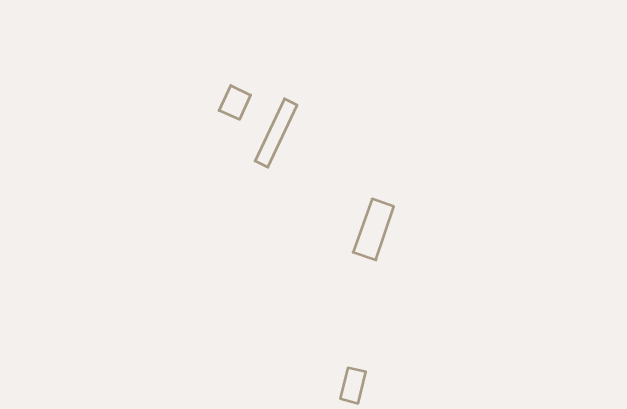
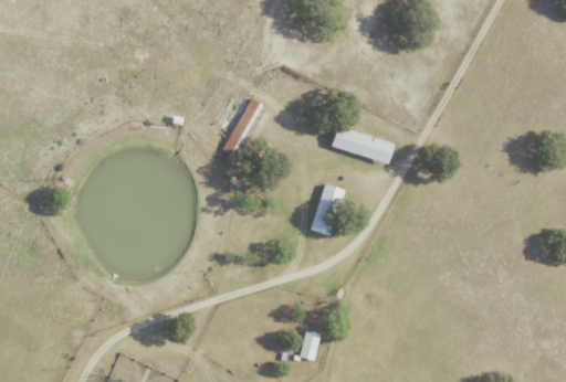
building: [219,85,251,119] -> none
building: none -> [332,126,395,163]

